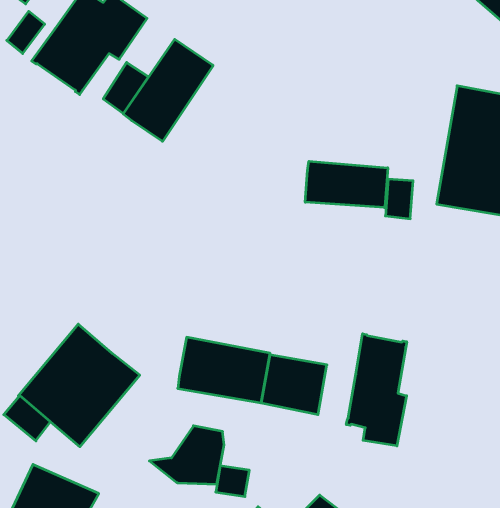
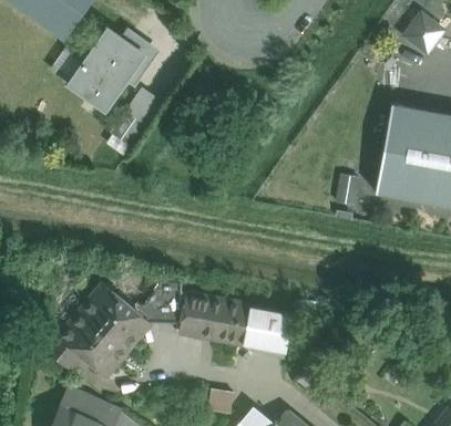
building: [123,39,213,141] -> none
building: [305,161,388,208] -> none
building: [346,334,407,446] -> none
building: [149,426,224,484] -> [130,279,186,323]

